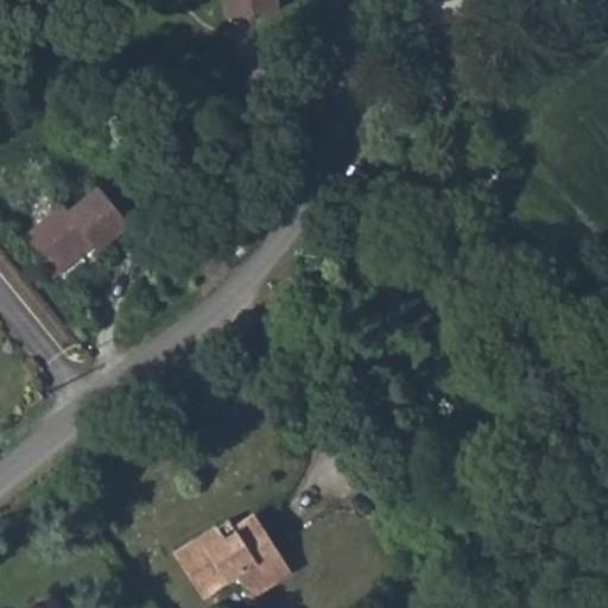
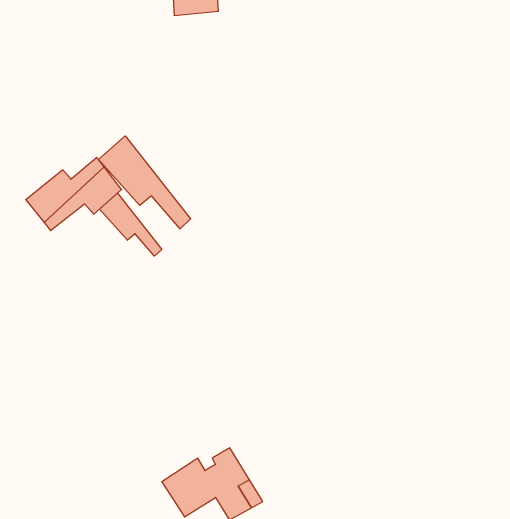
building: none -> [98,136,191,229]
building: none -> [99,193,162,256]

